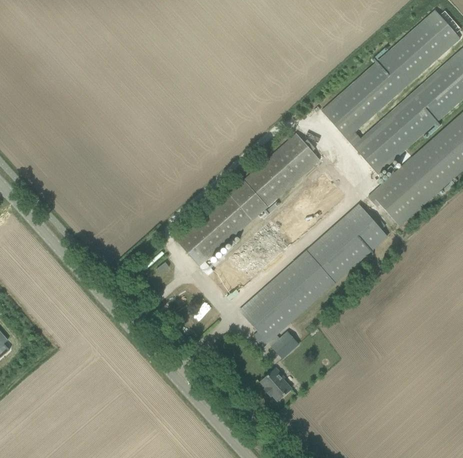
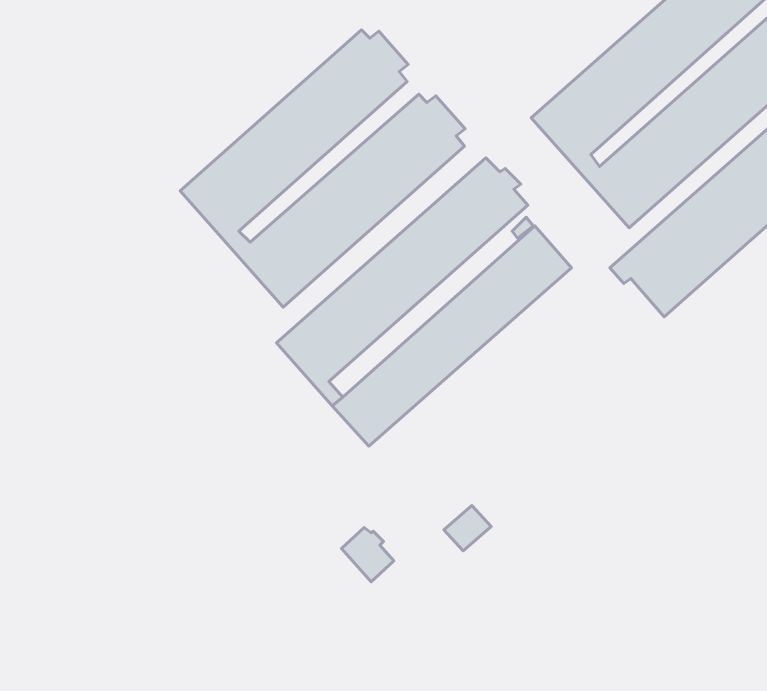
building: none -> [180,30,465,307]
building: [239,203,388,347] -> none
building: [261,369,291,400] -> [342,528,394,582]

